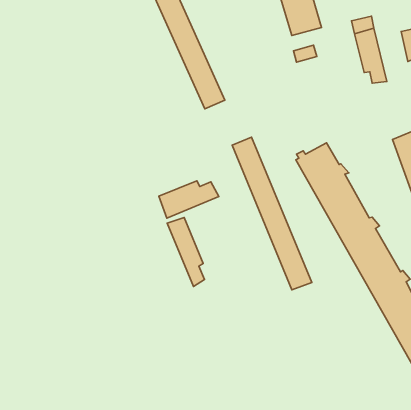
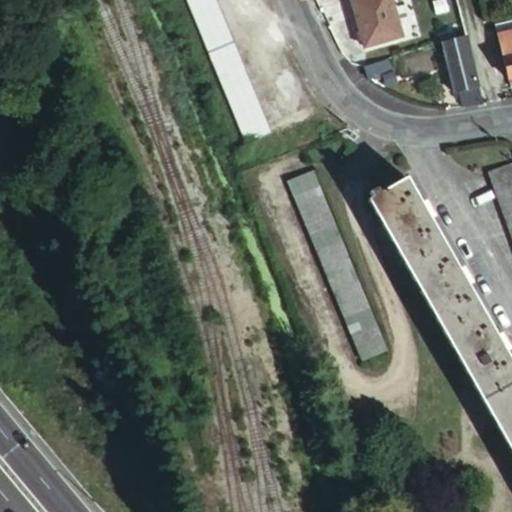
building: [159,181,219,218] -> none
building: [167,217,205,287] -> none

